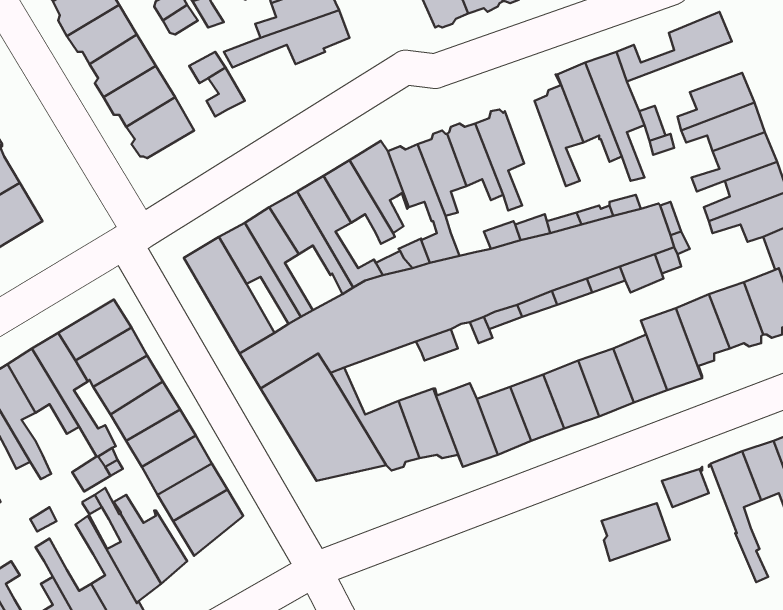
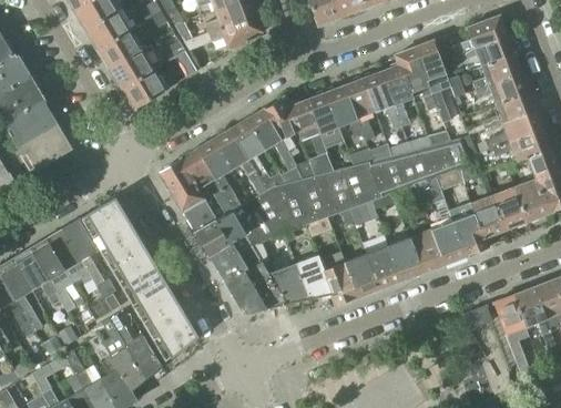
building: none -> [460,34,513,67]
building: none -> [363,72,401,130]
building: [602,503,670,561] -> none

